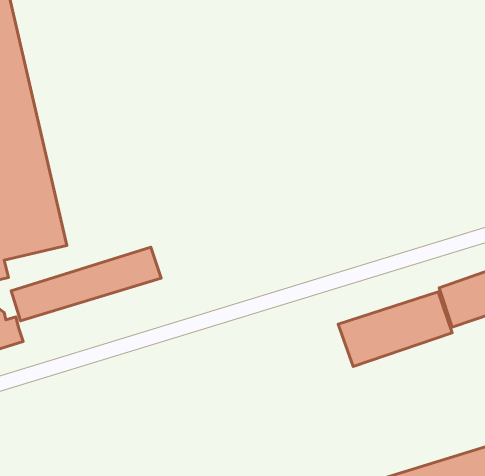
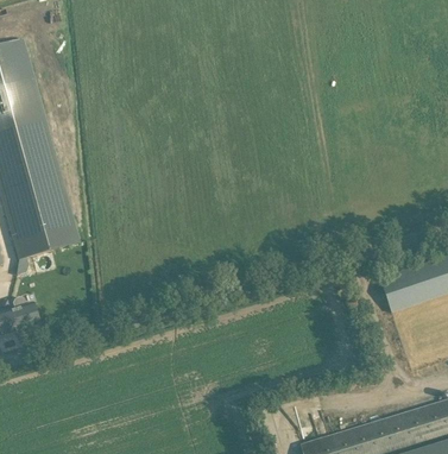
building: [11,247,161,321] -> none
building: [338,292,452,366] -> none

